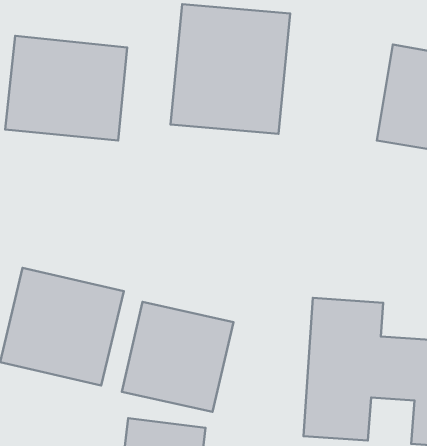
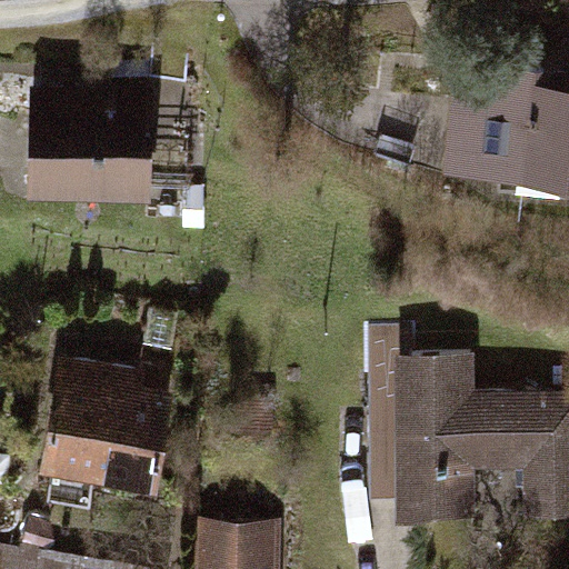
building: [171,4,290,134] -> none
building: [122,302,233,412] -> none

